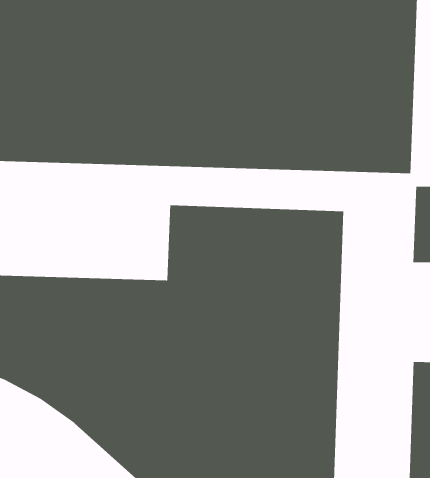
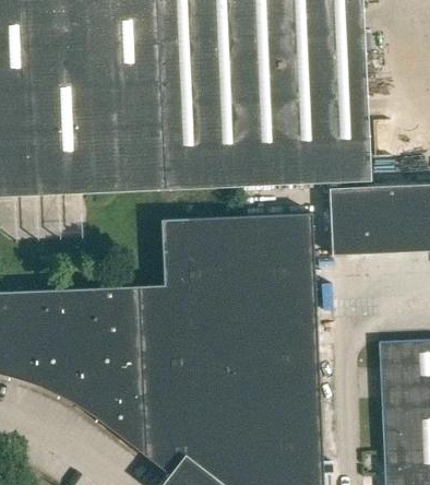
building: none -> [329,188,374,256]

